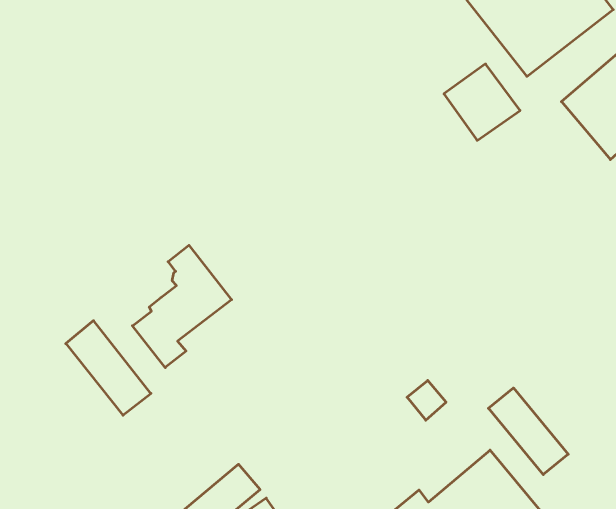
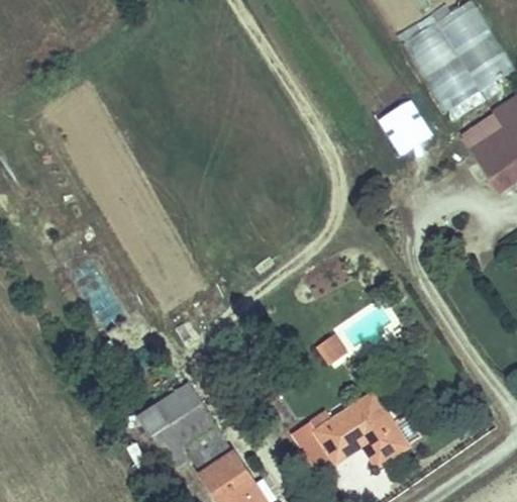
building: [132,245,232,368] -> none
building: [488,388,568,475] -> none

